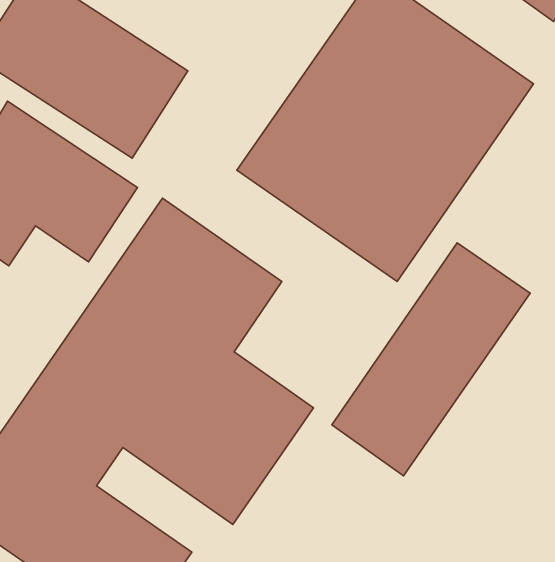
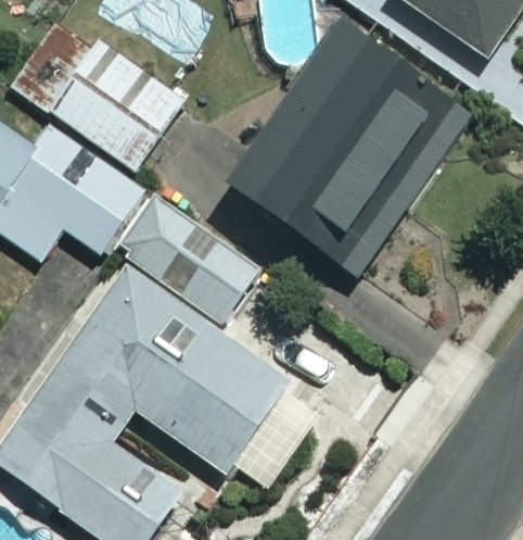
building: [332,243,530,476] -> none

